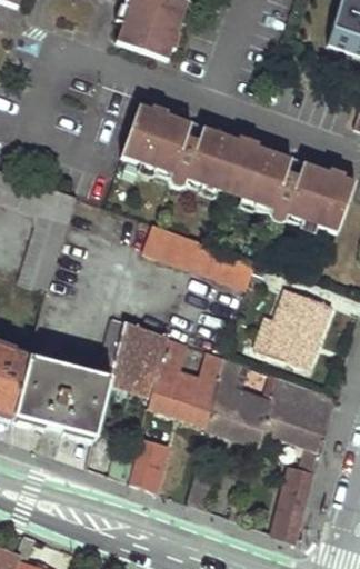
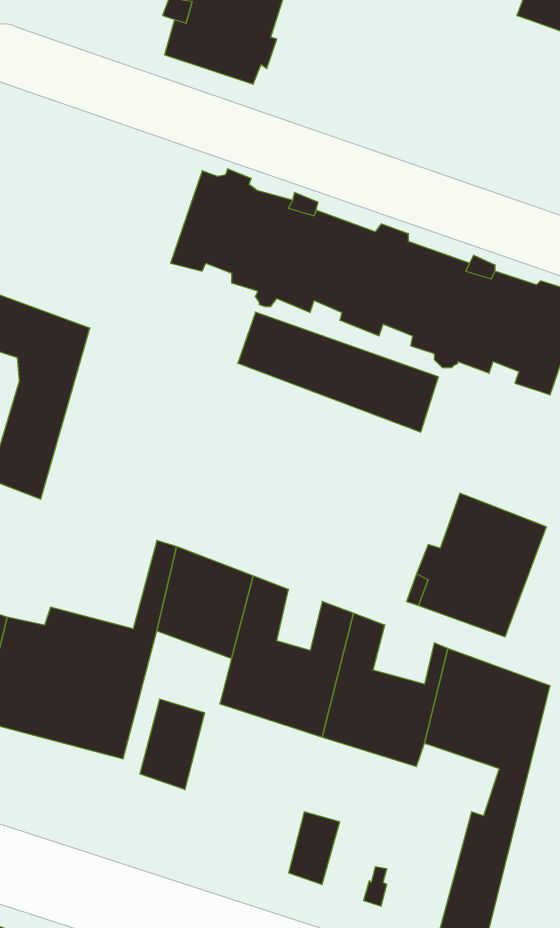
building: [141,224,254,292] -> [238,312,438,432]
building: [129,441,166,492] -> [140,699,205,790]

